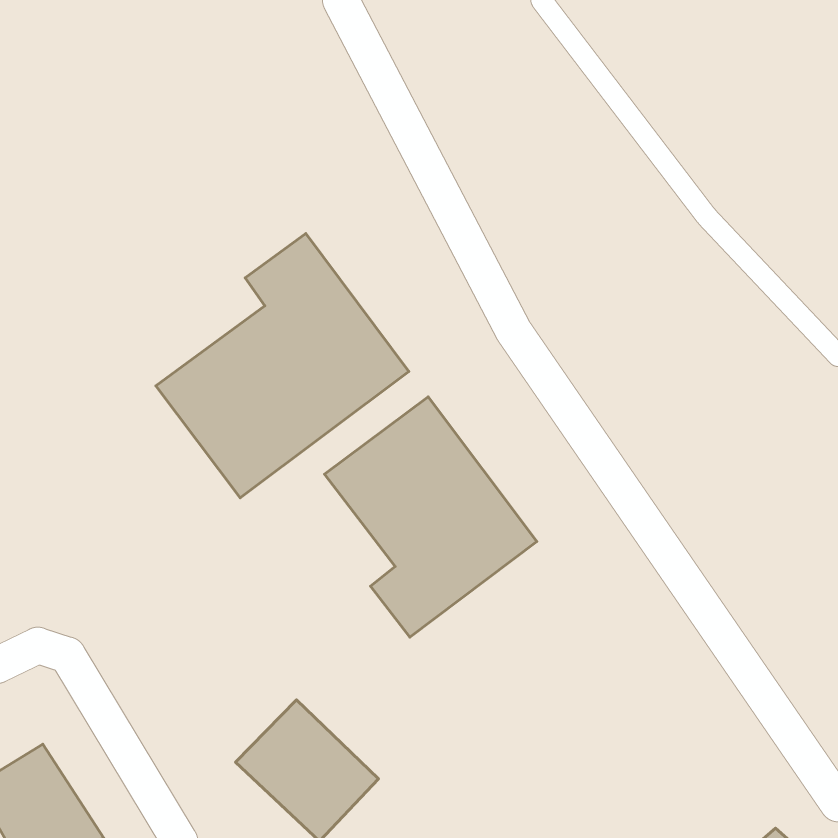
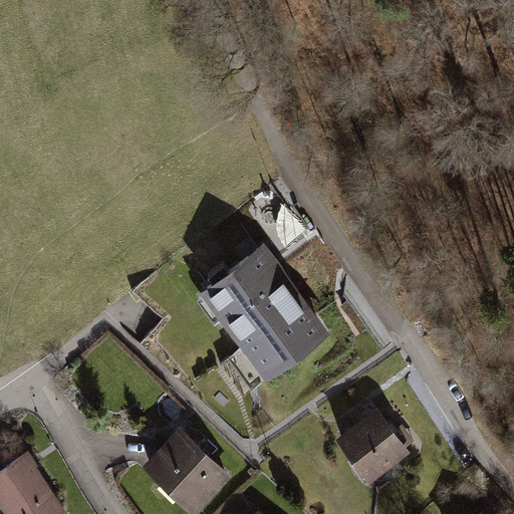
building: [156,234,409,498] -> none
building: none -> [337,411,412,487]

